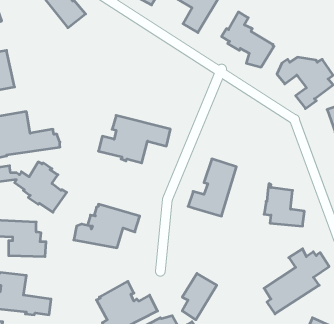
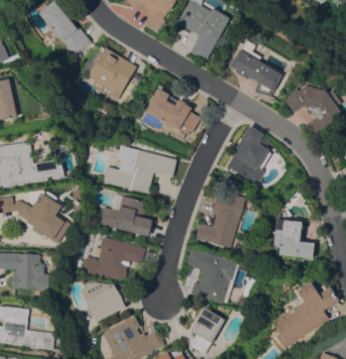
building: none -> [86,47,136,100]
building: none -> [145,89,200,135]
building: none -> [226,125,270,183]
building: none -> [99,194,152,236]
building: none -> [186,248,237,304]
building: none -> [79,282,125,322]

